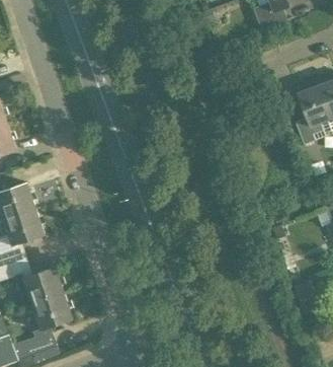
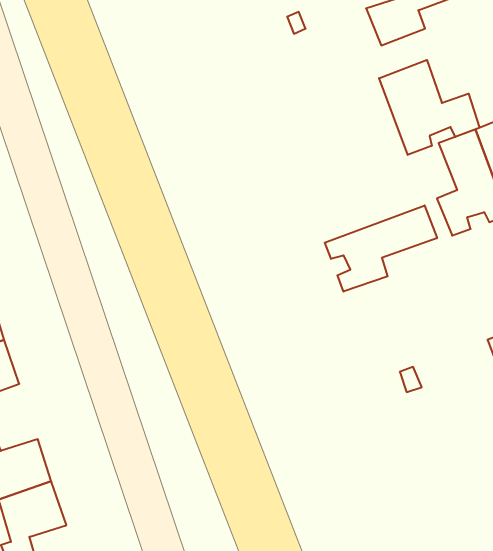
building: none -> [379,60,480,155]
building: none -> [325,205,437,292]

